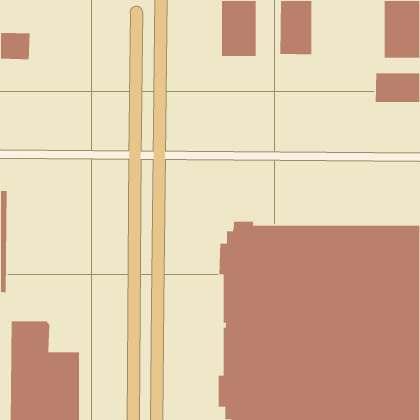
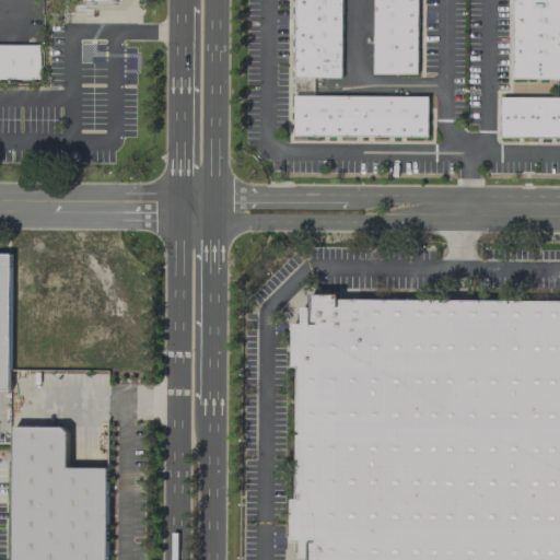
building: none -> [293,95,427,137]

